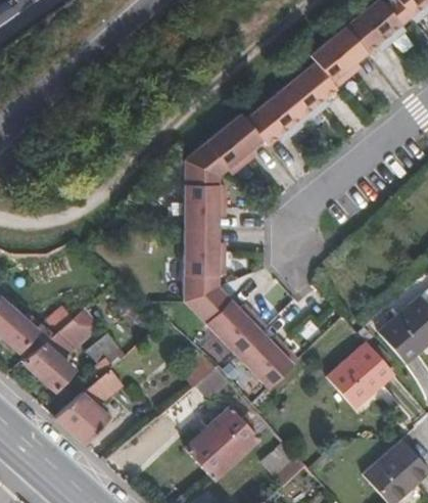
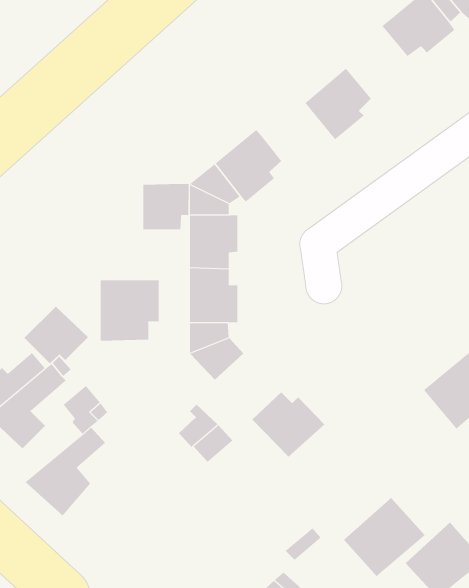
building: [311,29,367,89] -> none
building: [246,93,306,146] -> none
building: none -> [143,183,189,230]
building: none -> [100,279,159,342]
building: none -> [23,306,89,364]
building: [206,302,267,357] -> none
building: [328,342,396,409] -> [343,497,425,577]
building: [180,399,253,470] -> none

